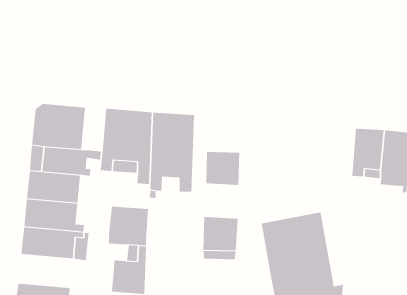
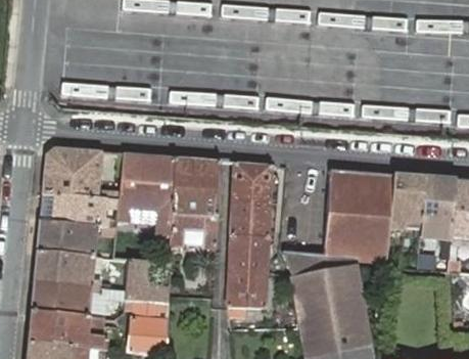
building: none -> [232,162,271,200]
building: none -> [283,169,390,277]
building: none -> [229,234,268,272]
building: none -> [28,318,106,350]

